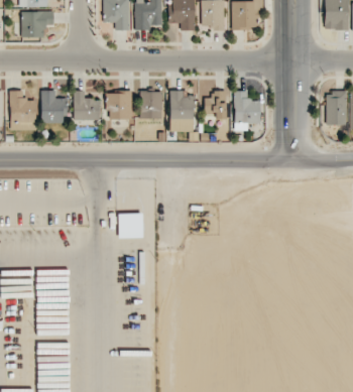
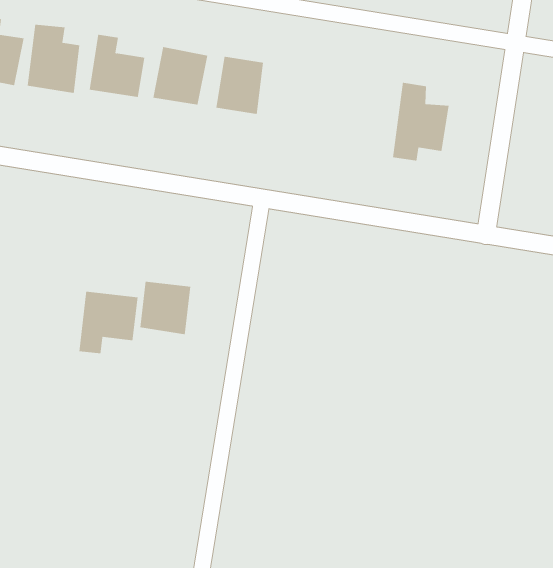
building: [204,91,226,119] -> none
building: [169,92,194,131] -> none
building: none -> [79,291,138,354]

